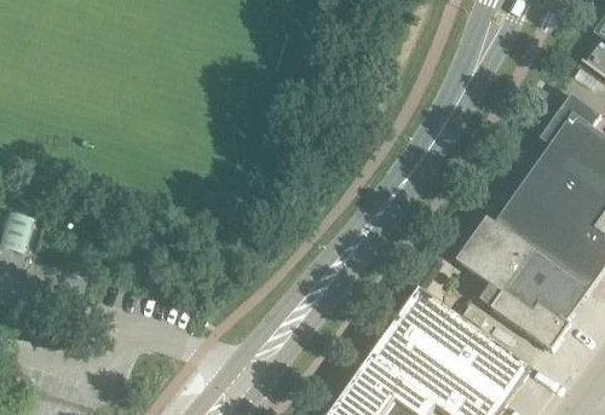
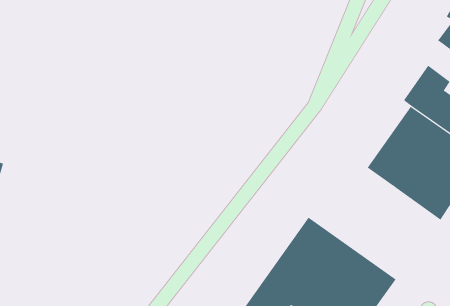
building: [455,218,588,352] -> none

